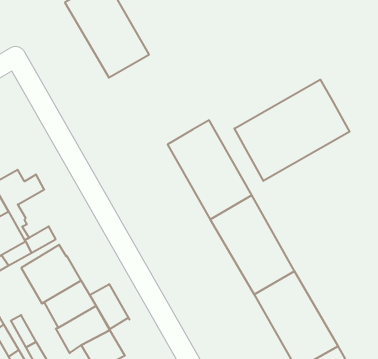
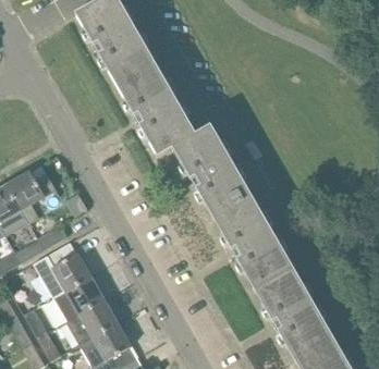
building: none -> [115,62,195,156]
building: [234,80,349,181] -> none
building: [90,284,129,329] -> none

